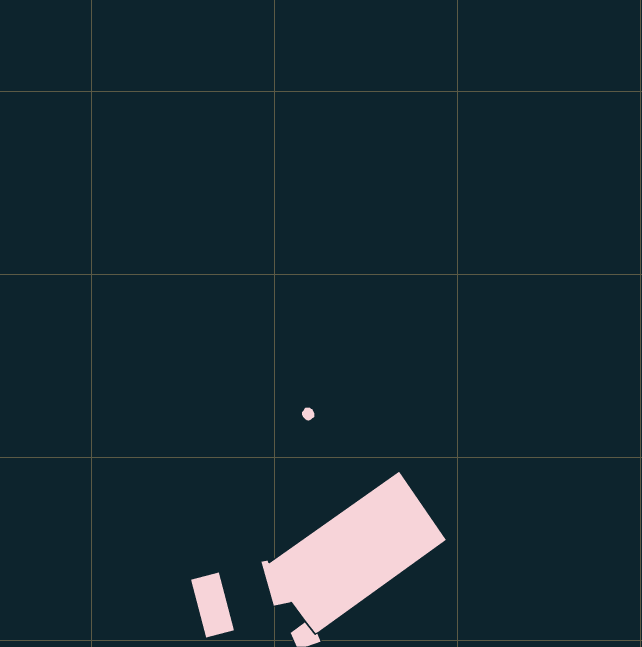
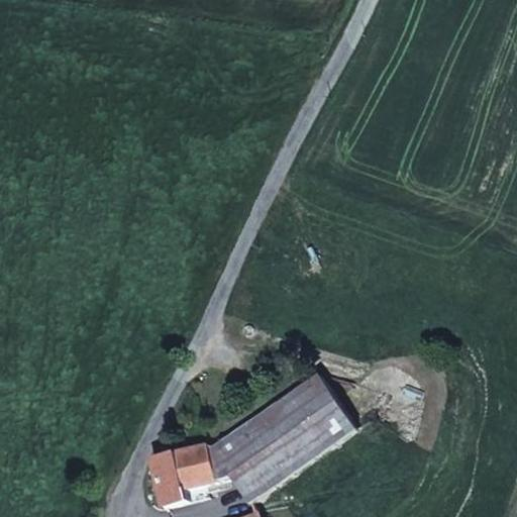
building: none -> [174,444,216,488]

